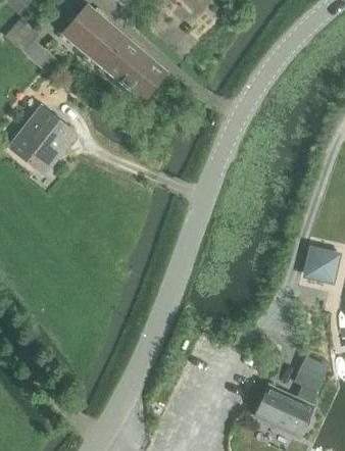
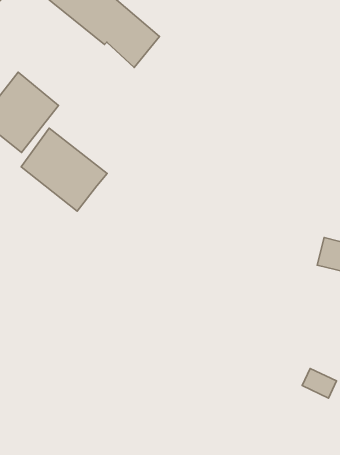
building: none -> [21,128,107,211]
building: [254,386,312,437] -> none

